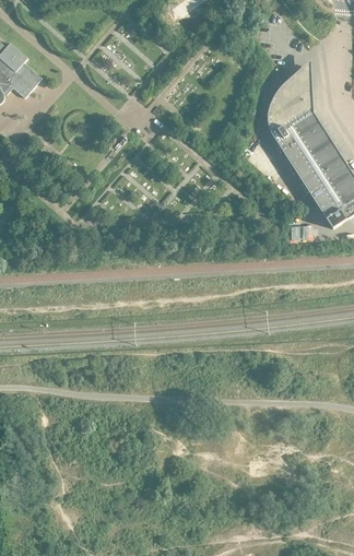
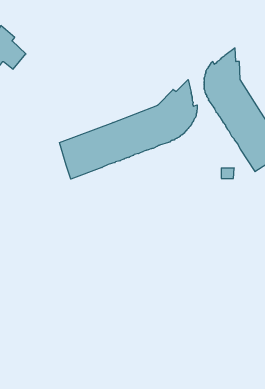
building: none -> [60,80,197,179]

